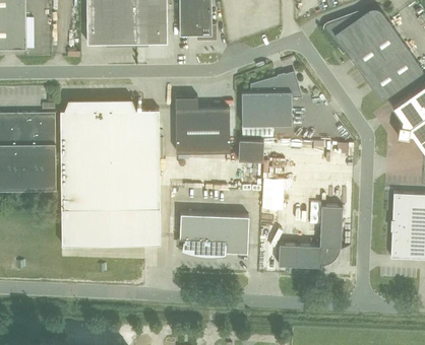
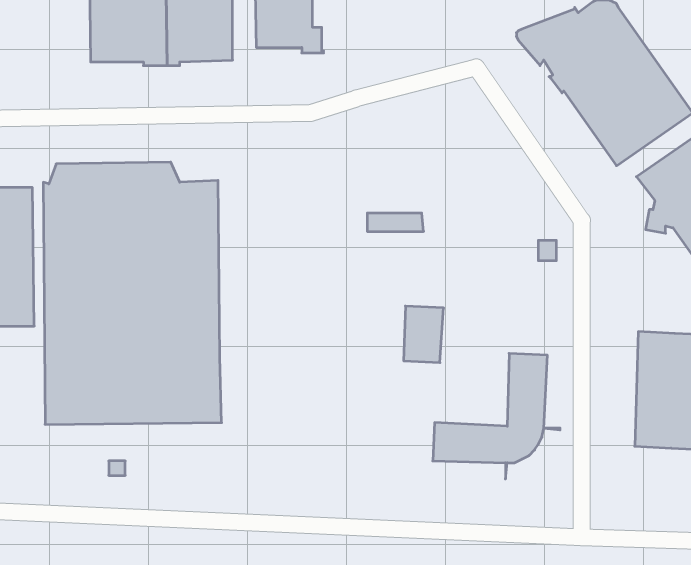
building: [242,74,301,126] -> none
building: [176,97,230,153] -> none
building: [239,140,264,161] -> none
building: [177,213,249,256] -> none

